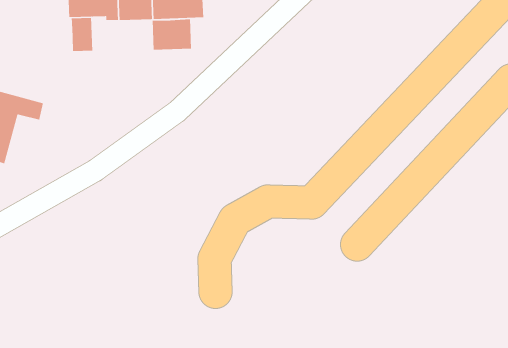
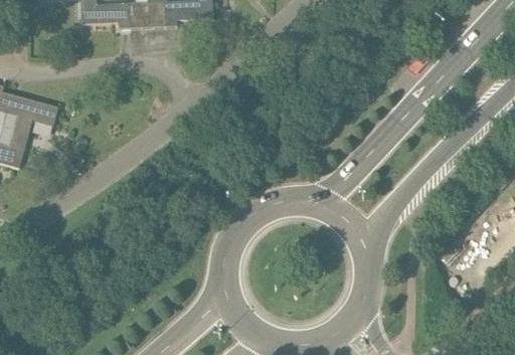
building: [71,17,93,52] -> none
building: [152,18,192,50] -> none

